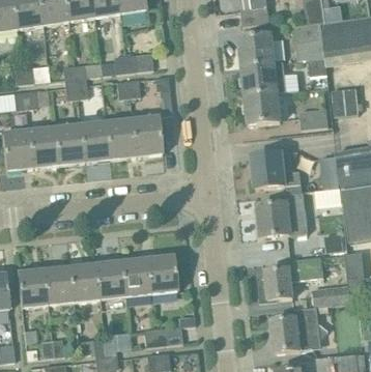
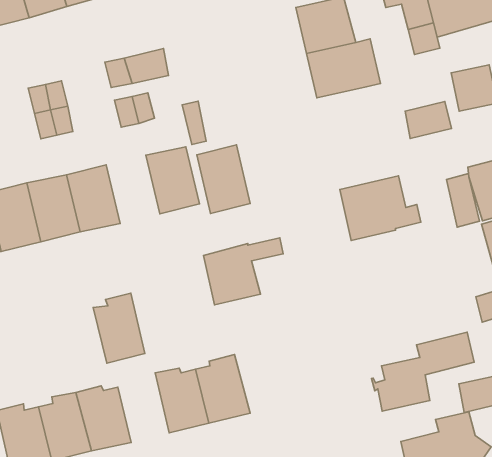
building: [245,92,280,124] -> none
building: [106,118,136,160] -> [197,145,250,213]
building: [257,200,308,237] -> [203,238,283,305]
building: [95,257,124,299] -> [93,293,145,363]

